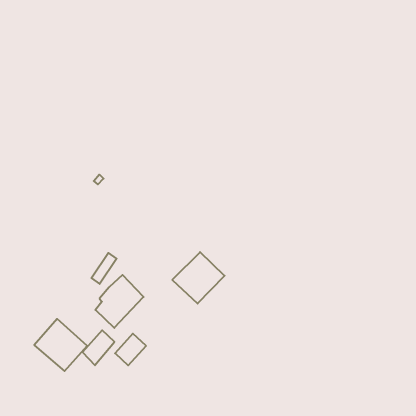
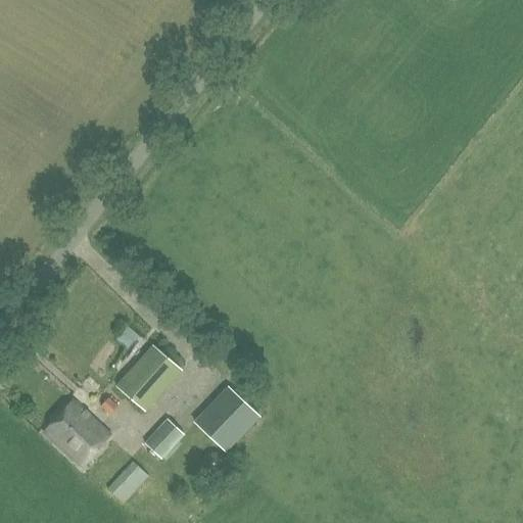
building: [172,252,225,304] -> [193,386,258,450]
building: [83,330,114,365] -> [106,460,146,504]

